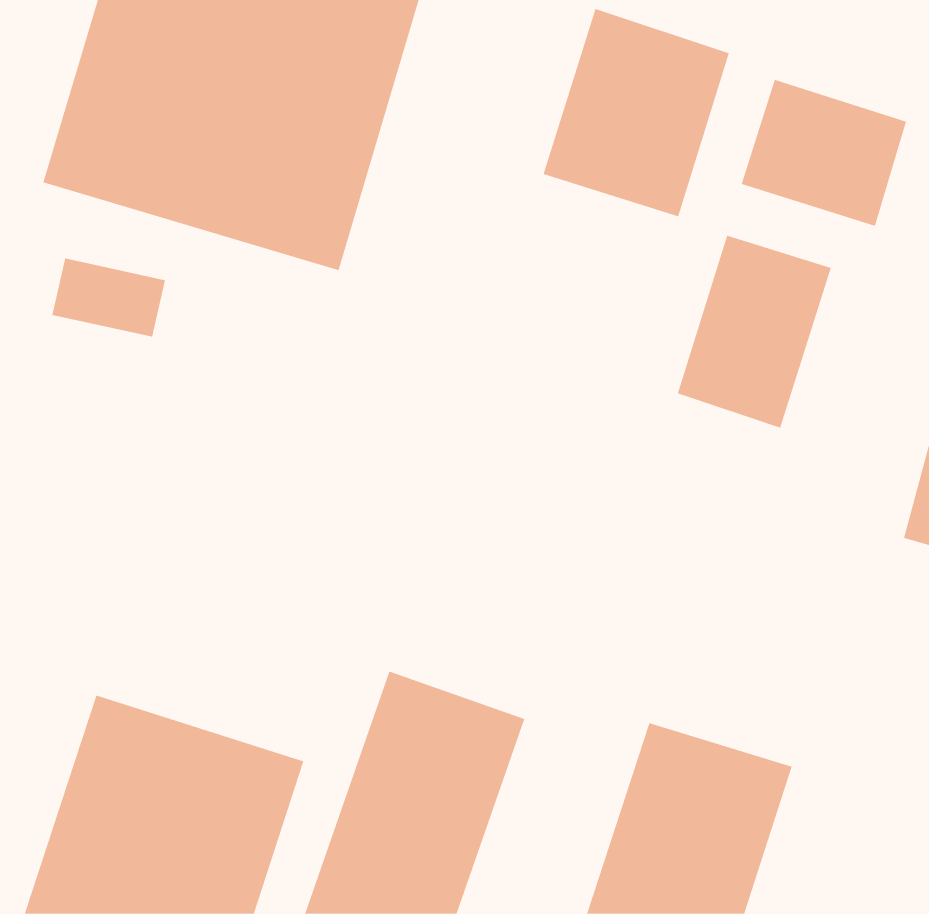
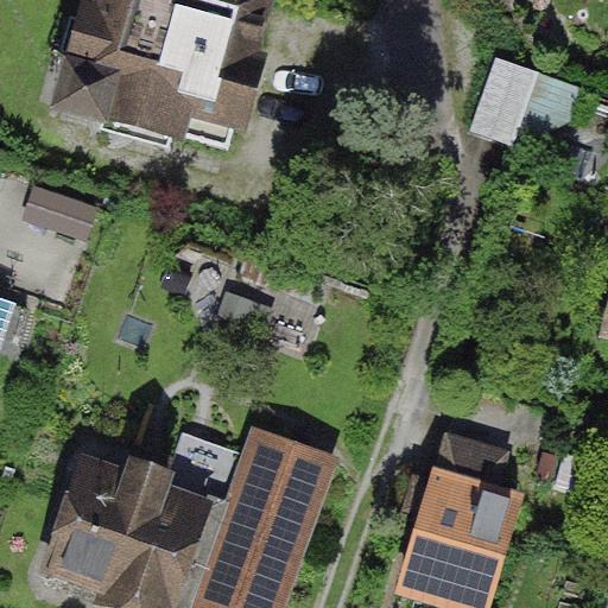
building: [543,8,730,217] -> none
building: [677,235,831,428] -> none

